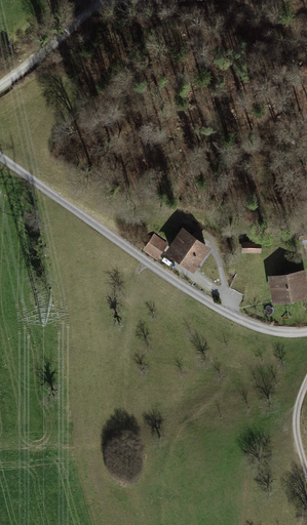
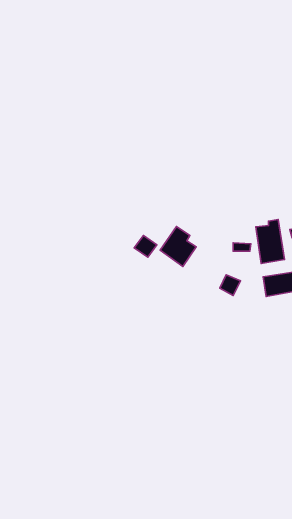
building: none -> [256,219,285,263]

